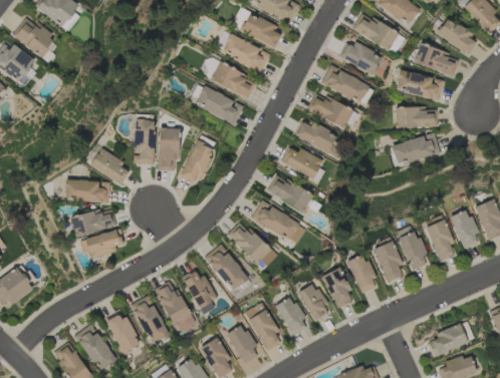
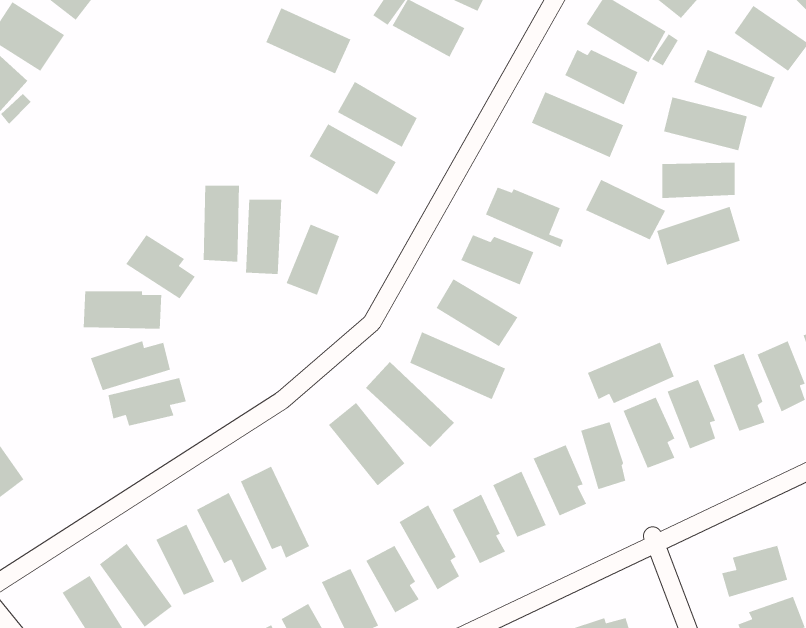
building: [221,34,270,72] -> [265,7,352,74]
building: [306,92,352,127] -> [585,179,666,240]
building: none -> [587,341,675,404]
building: [182,270,217,315] -> none

